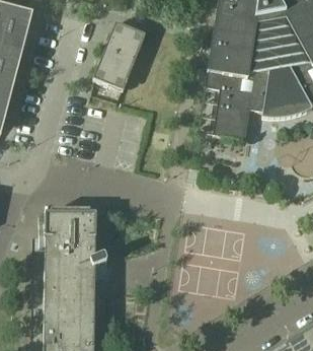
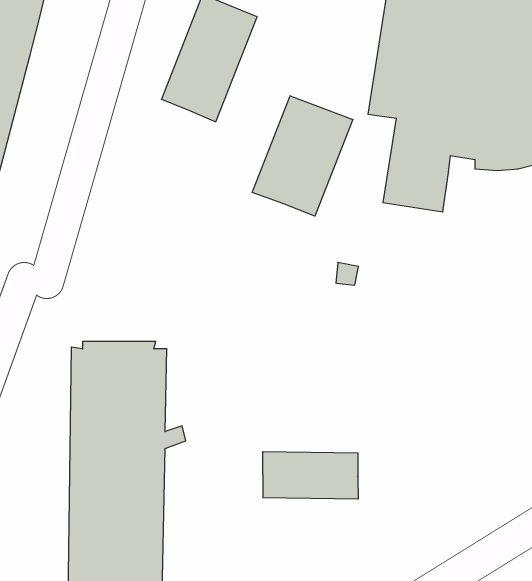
building: none -> [252,96,353,216]
building: none -> [263,452,358,499]

